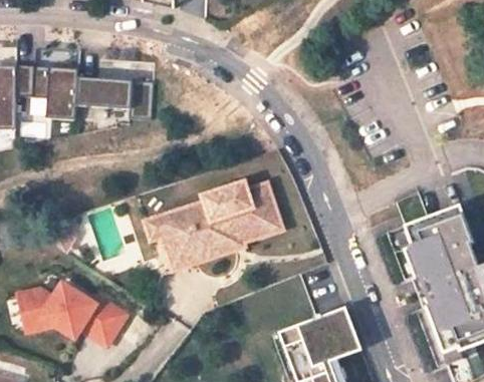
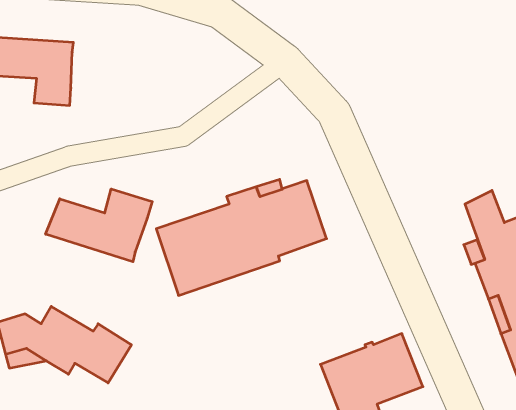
building: [75,77,154,120] -> none
building: none -> [46,189,152,262]

